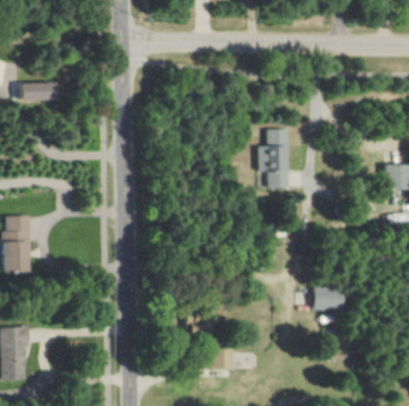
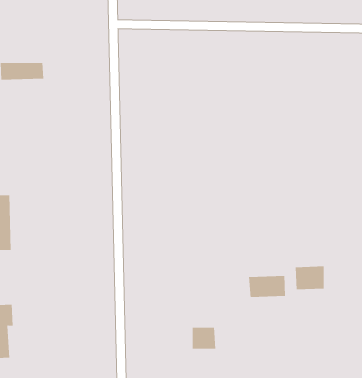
building: [258,129,288,188] -> none
building: none -> [248,275,285,298]

